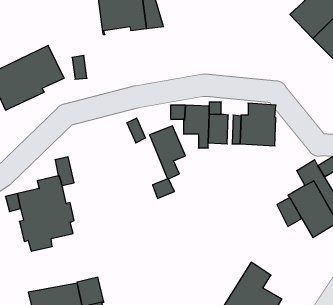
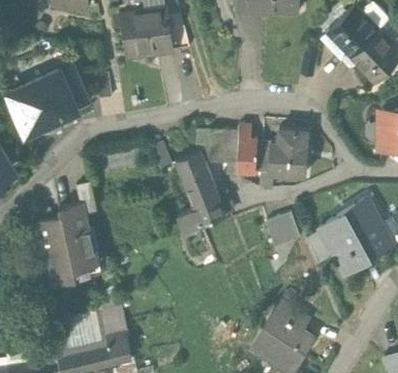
building: none -> [195,185,224,222]
building: none -> [266,212,300,244]

